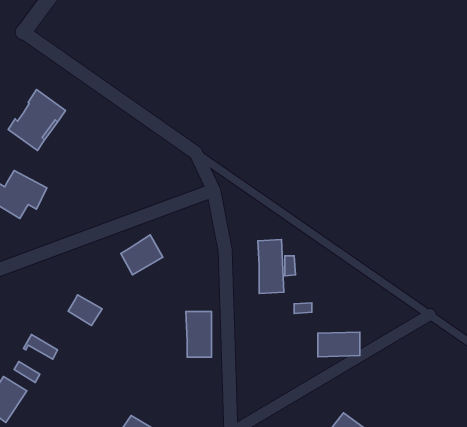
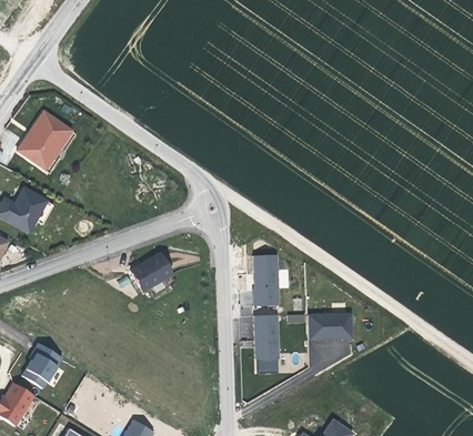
building: [68,295,102,325] -> [27,354,59,383]
building: none -> [306,314,351,337]
building: [186,312,212,357] -> [252,314,276,357]

